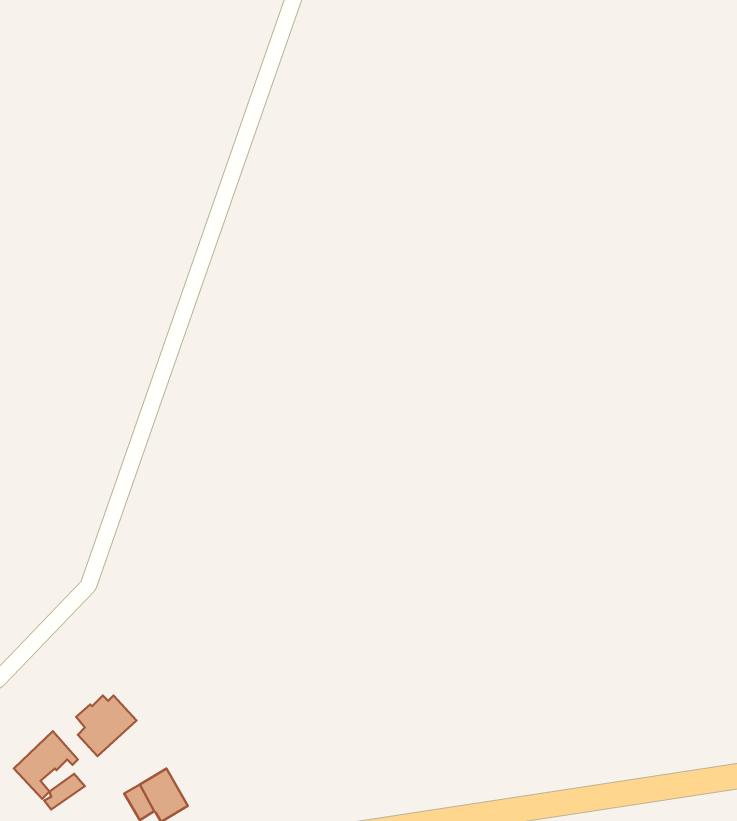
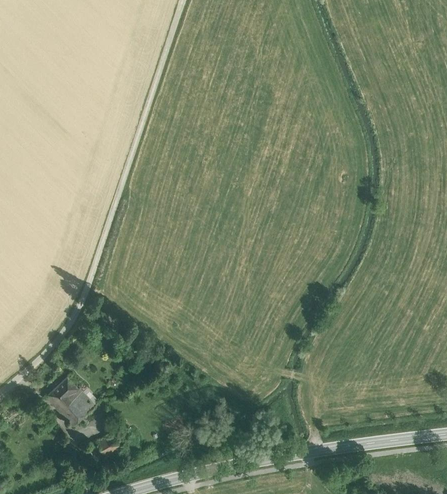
building: [14,731,78,799] -> [45,376,81,414]

